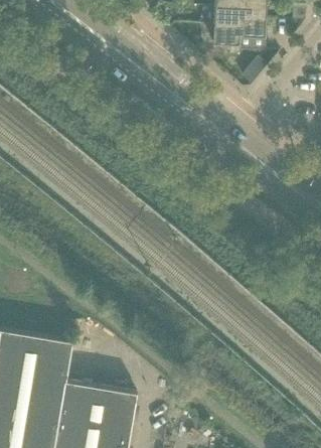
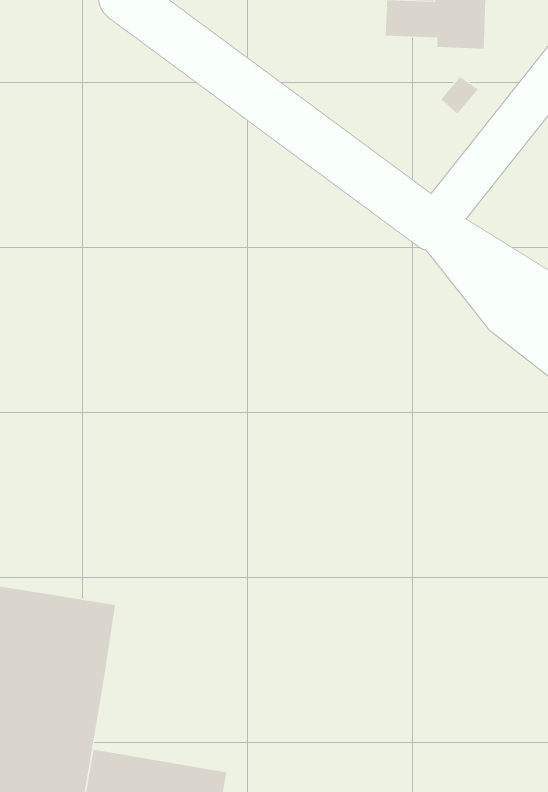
building: [59,381,136,430] -> none

